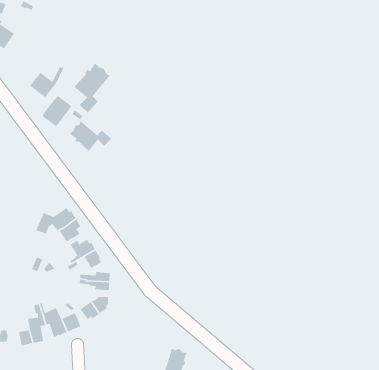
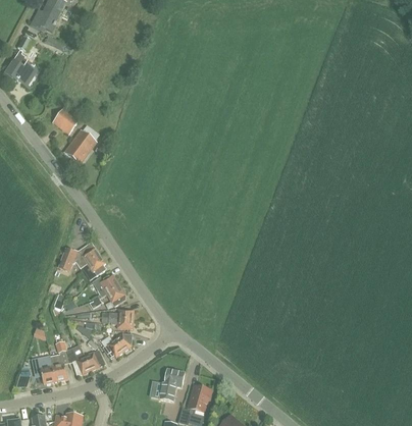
building: [74,63,111,114] -> none
building: [69,120,112,152] -> none
building: none -> [159,368,185,401]

